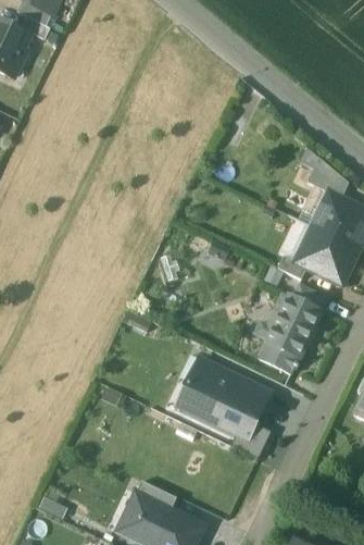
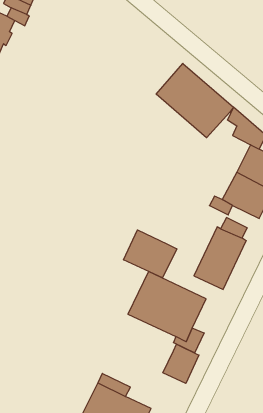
building: none -> [156,63,233,138]
building: none -> [124,230,177,278]
building: none -> [163,344,199,383]

